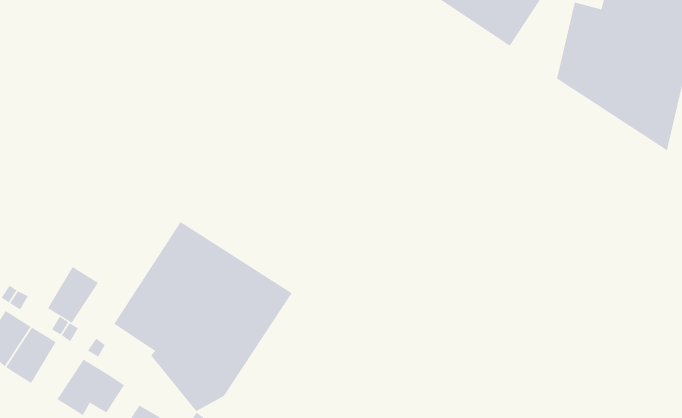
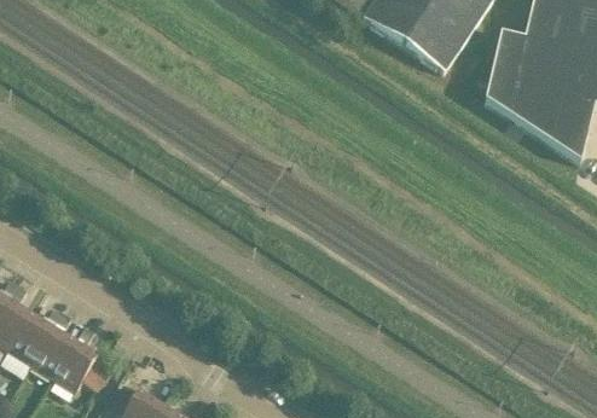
building: [114,221,292,412] -> none
building: [47,266,99,323] -> [30,326,75,376]

